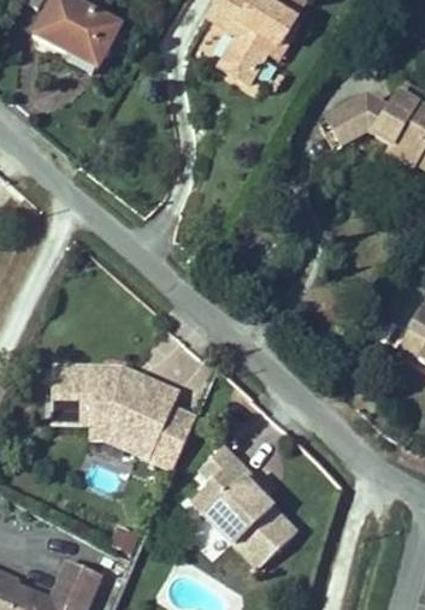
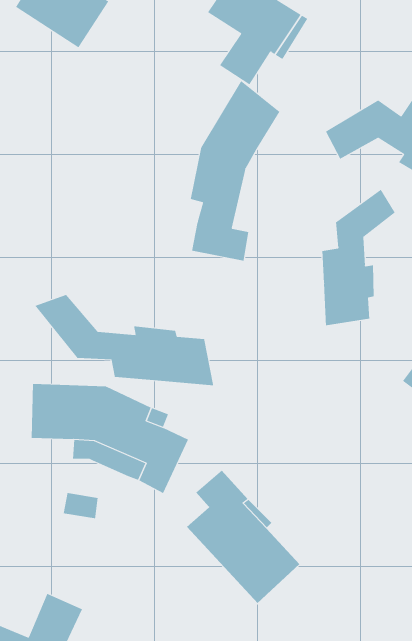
building: none -> [190,80,280,262]
building: none -> [322,189,395,326]
building: none -> [34,294,214,386]

